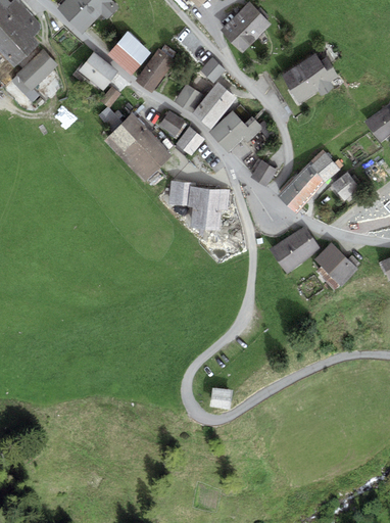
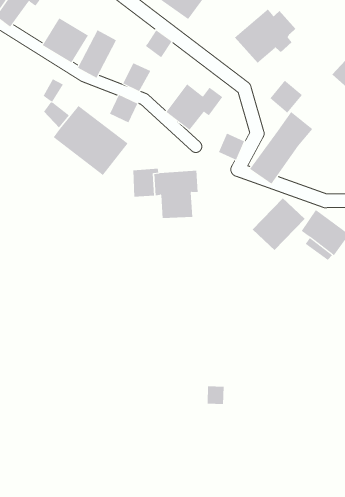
building: [78,51,117,90] -> none
building: [191,81,236,129] -> none
building: [175,126,204,155] -> none
building: [330,170,360,200] -> [269,80,303,113]

